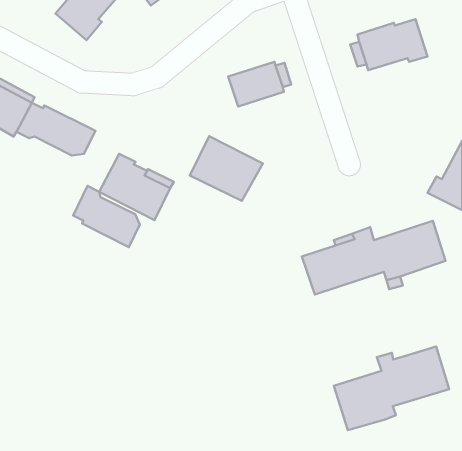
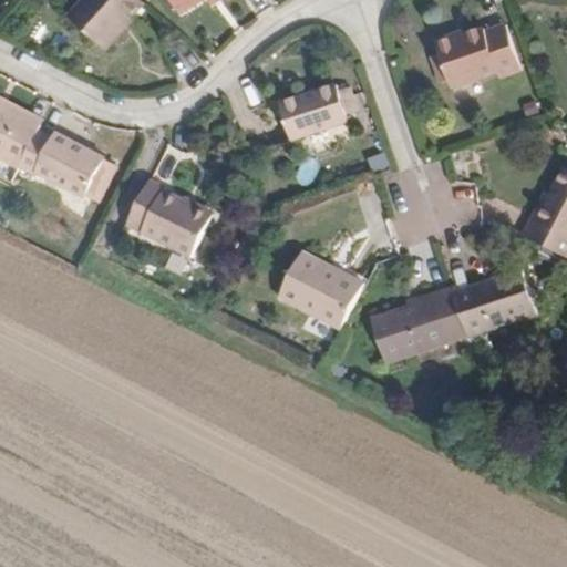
building: [190,136,263,201] -> [274,252,362,331]
building: [73,186,140,247] -> none
building: [334,346,449,430] -> none

